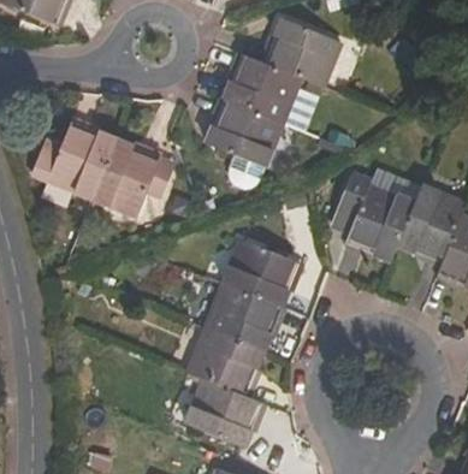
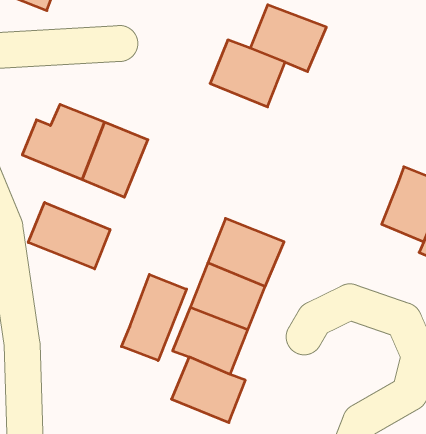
building: [208,99,284,167] -> none
building: [332,174,417,259] -> none
building: none -> [28,202,110,269]
building: none -> [121,274,187,361]

